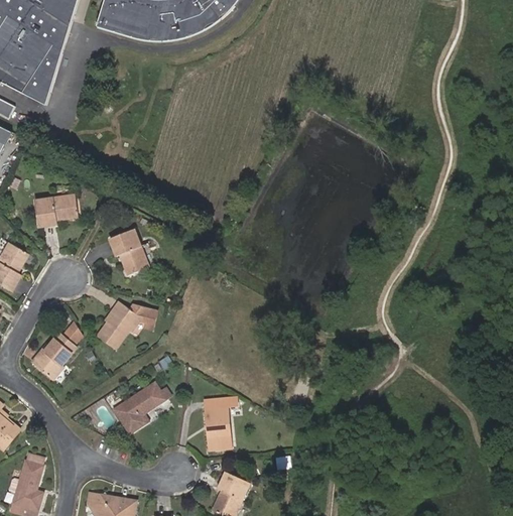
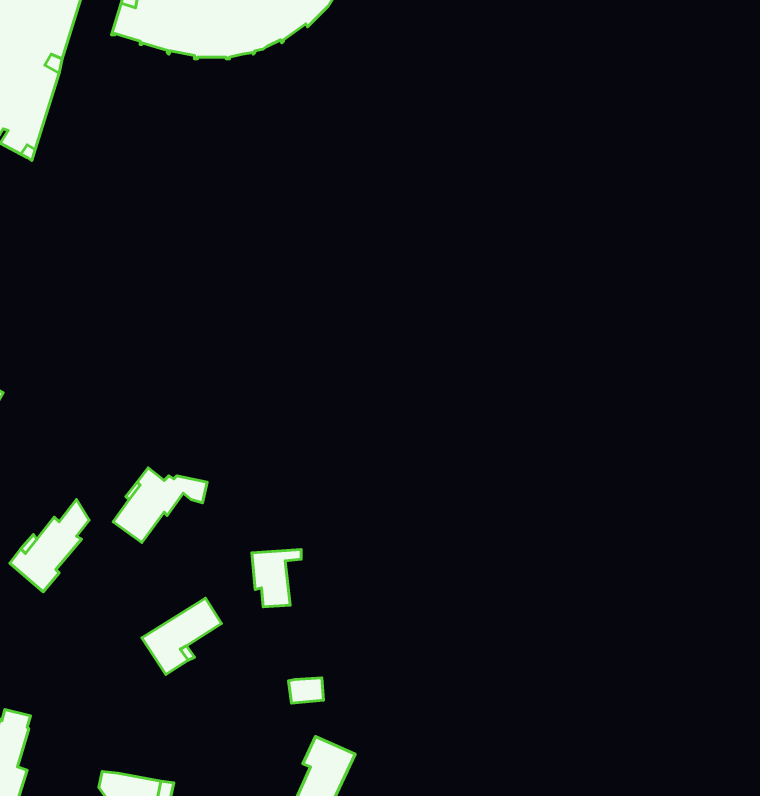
building: [34,195,78,226] -> none
building: [109,228,148,274] -> none
building: [205,398,236,434] -> [252,550,301,607]

